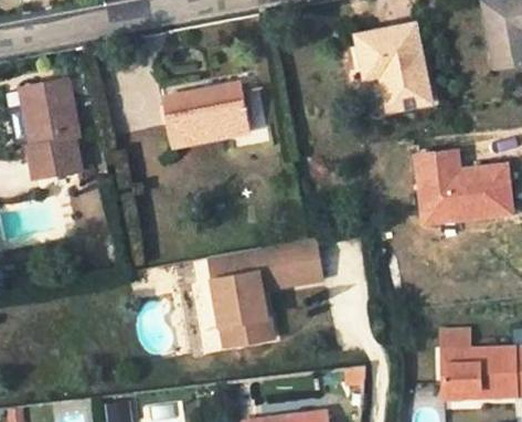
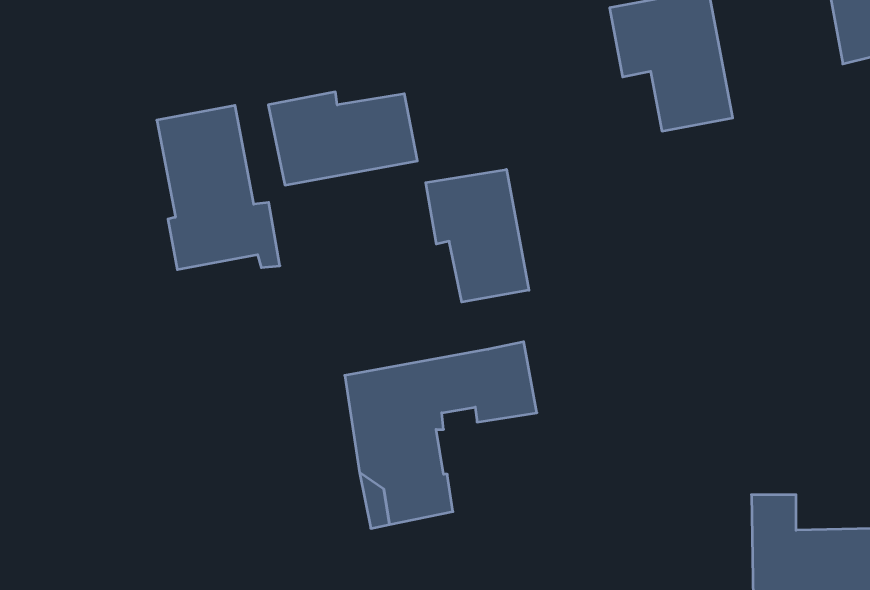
building: [20,78,93,176] -> [157,105,280,270]
building: none -> [426,169,529,302]
building: [412,151,509,222] -> none

